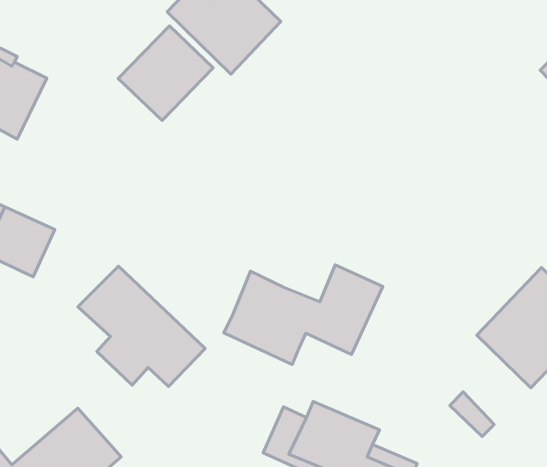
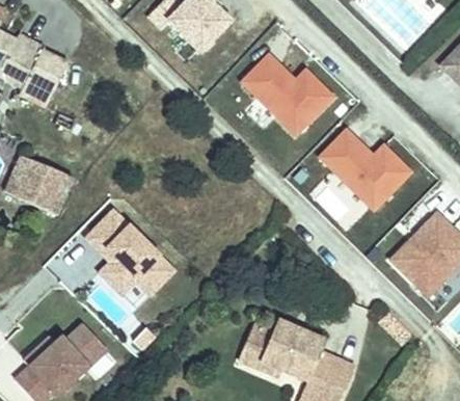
building: [118,26,213,120] -> none
building: none -> [239,51,340,139]
building: none -> [317,125,417,214]
building: [224,265,383,365] -> none

